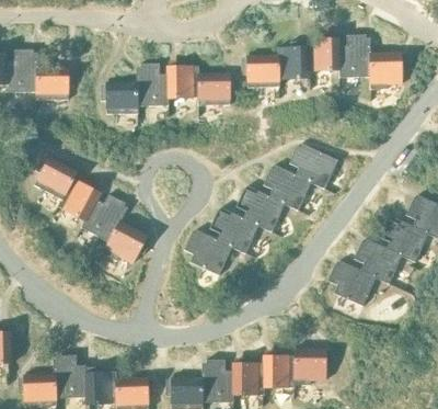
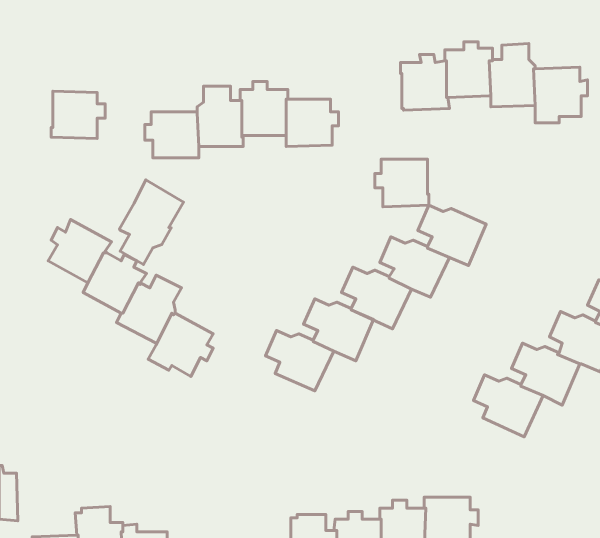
building: [5,49,37,92] -> none
building: [242,55,279,88] -> [375,159,429,207]
building: none -> [119,180,183,265]

